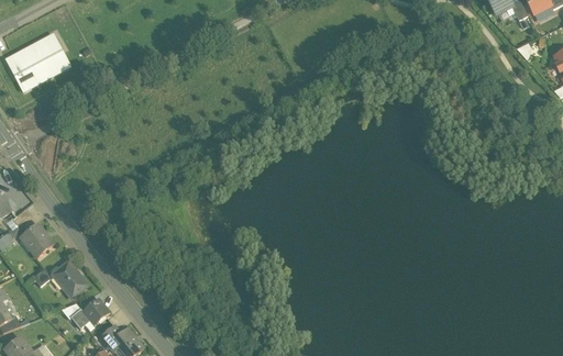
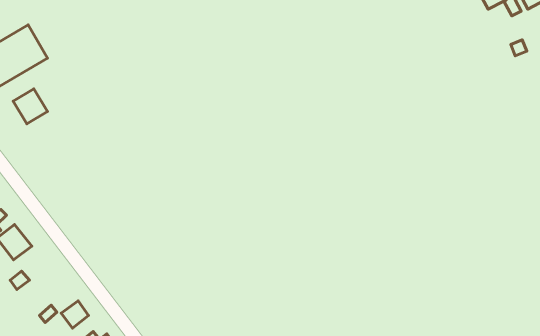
building: none -> [13,89,48,124]
building: [53,260,87,297] -> none

